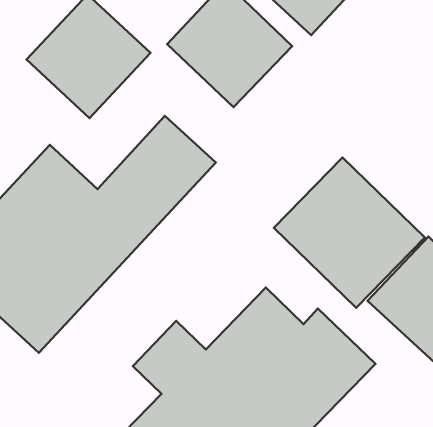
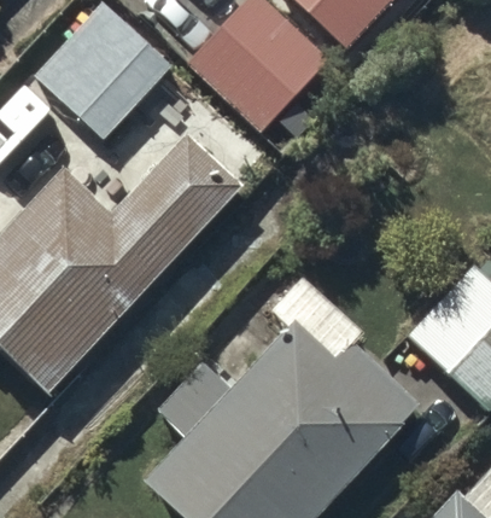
building: [274,158,425,308] -> none

